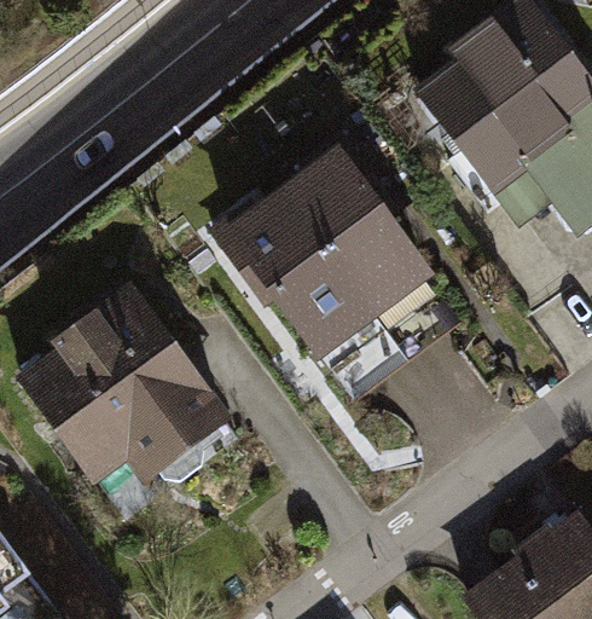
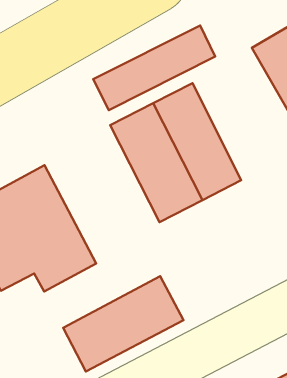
building: none -> [93,26,215,110]
building: none -> [63,276,184,371]

